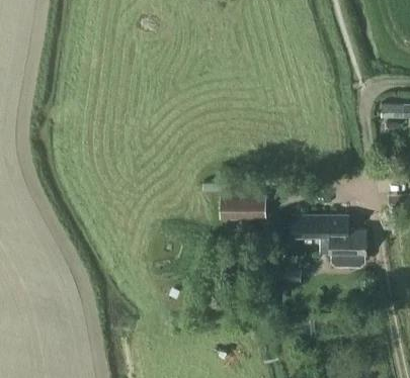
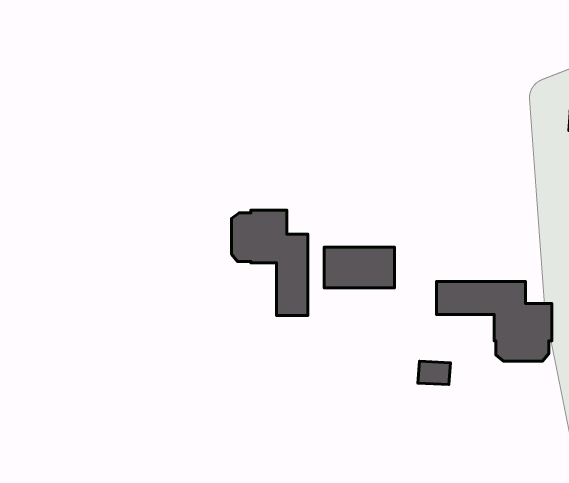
building: none -> [232,210,308,316]

